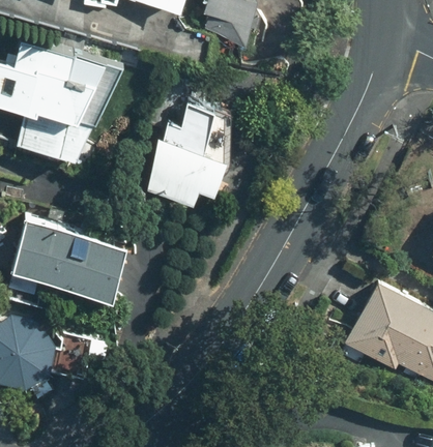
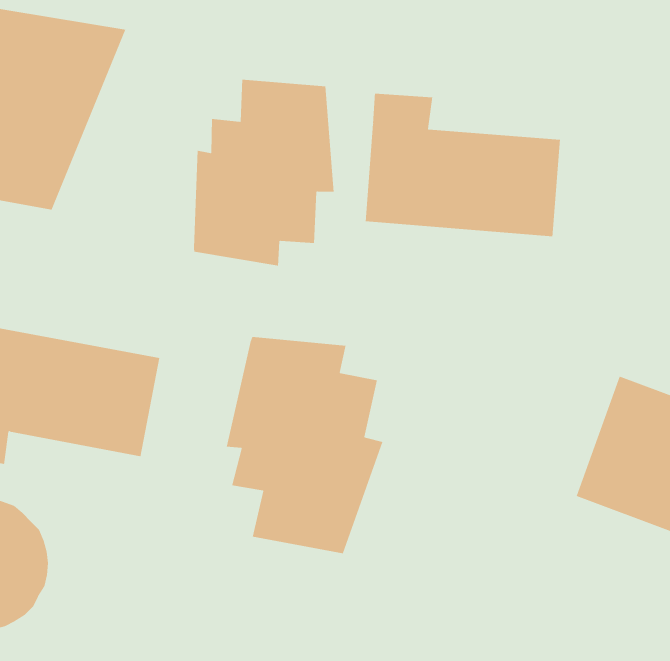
building: none -> [365,93,560,237]
building: none -> [226,336,383,554]

